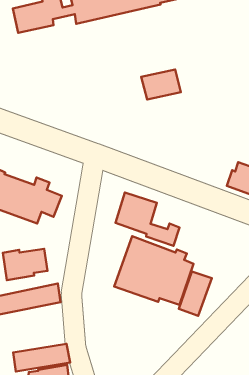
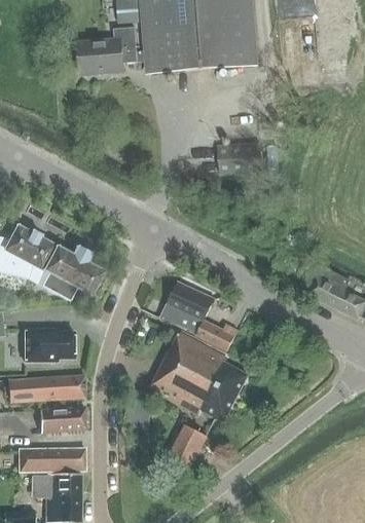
building: [179,271,212,316] -> [163,423,208,477]
building: none -> [40,406,84,432]

